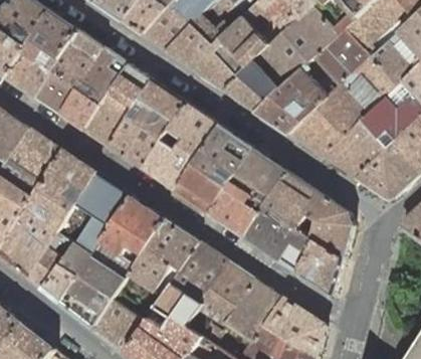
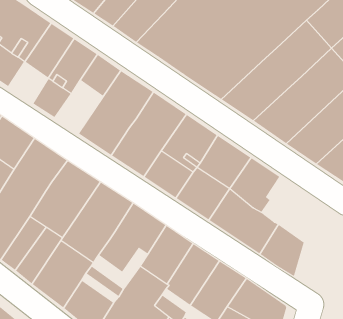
building: [34,71,75,115] -> none
building: [82,91,133,146] -> none
building: [302,191,352,259] -> none

